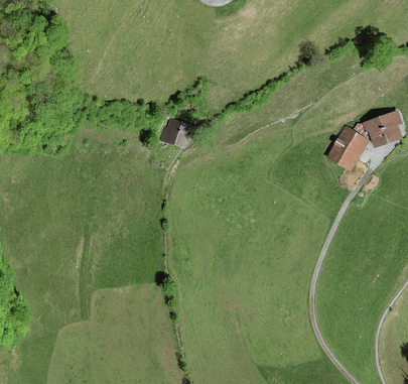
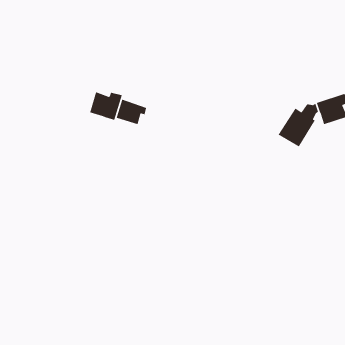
building: none -> [89,91,123,121]

